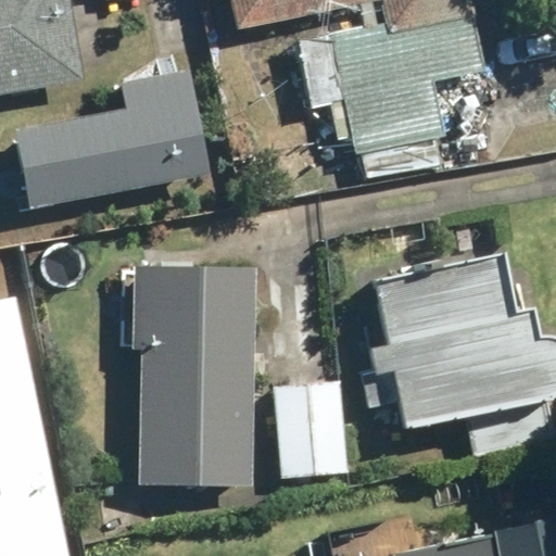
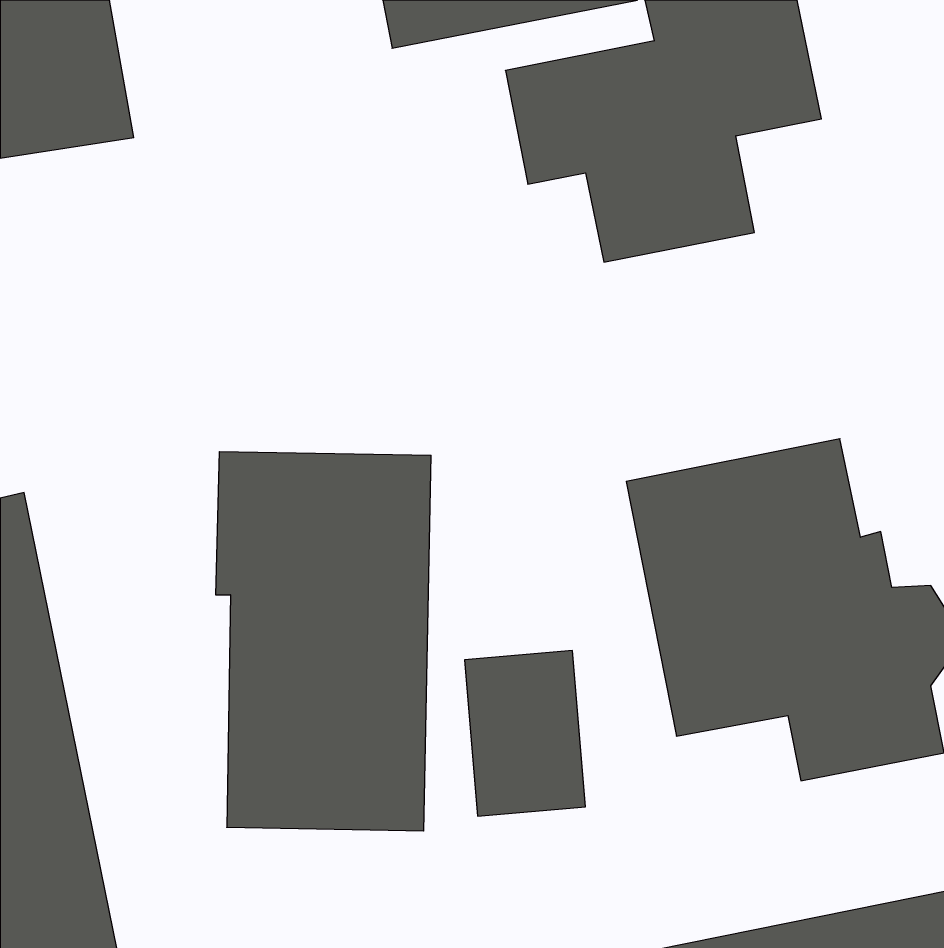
building: [11,72,205,208] -> none

